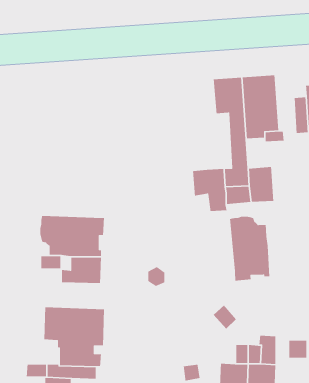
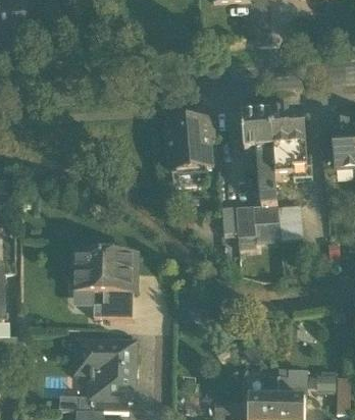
building: none -> [167,119,212,170]
building: [229,216,270,282] -> none

